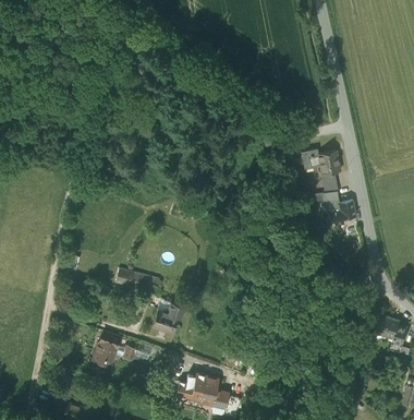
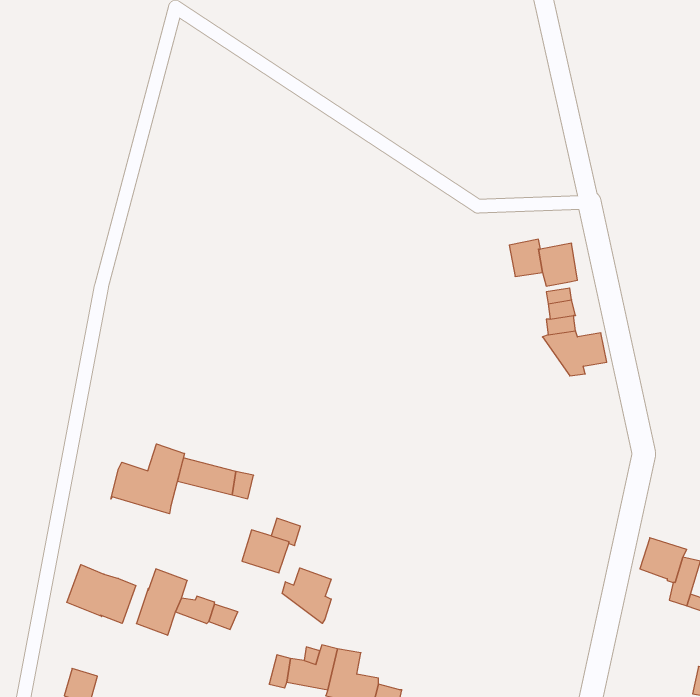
building: none -> [111,444,184,514]
building: none -> [67,565,136,623]
building: none -> [282,568,331,623]

